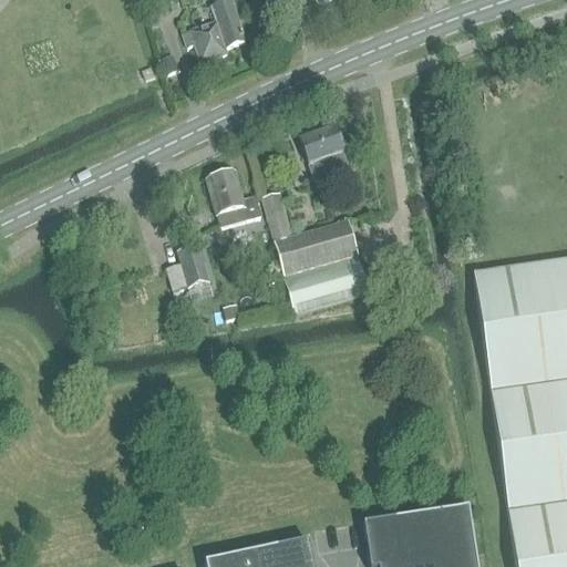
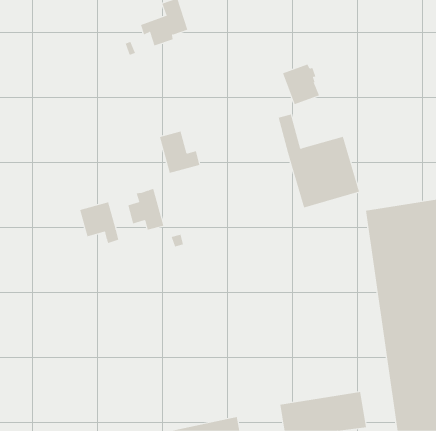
building: [300,126,349,179] -> [282,64,320,105]
building: [262,190,369,312] -> [278,114,360,208]
building: none -> [79,202,119,244]

